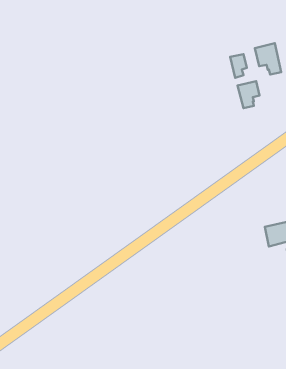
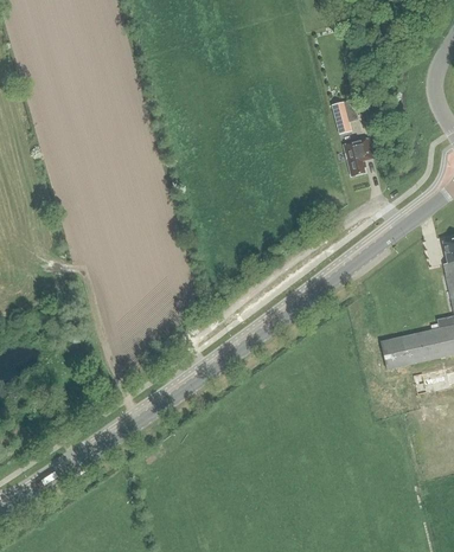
building: [255,43,281,75] -> none

